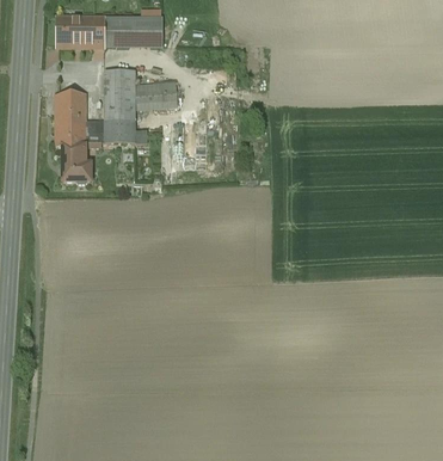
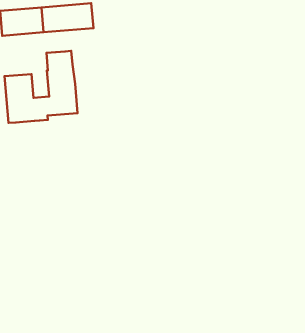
building: [135,82,178,109] -> none
building: [63,147,92,184] -> none

